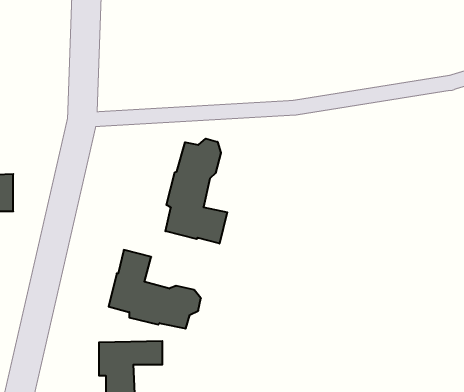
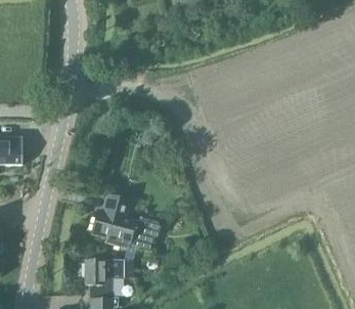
building: [165,139,227,244] -> none

